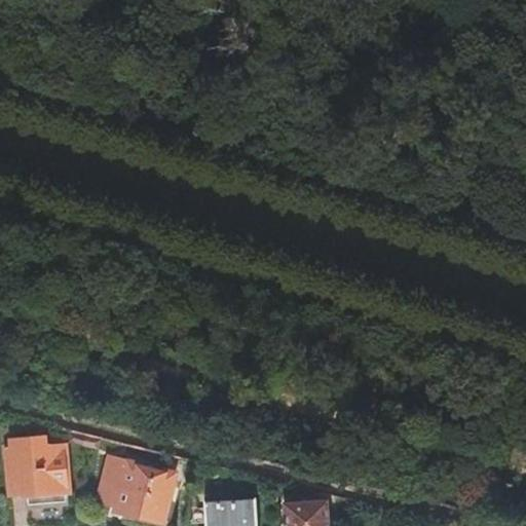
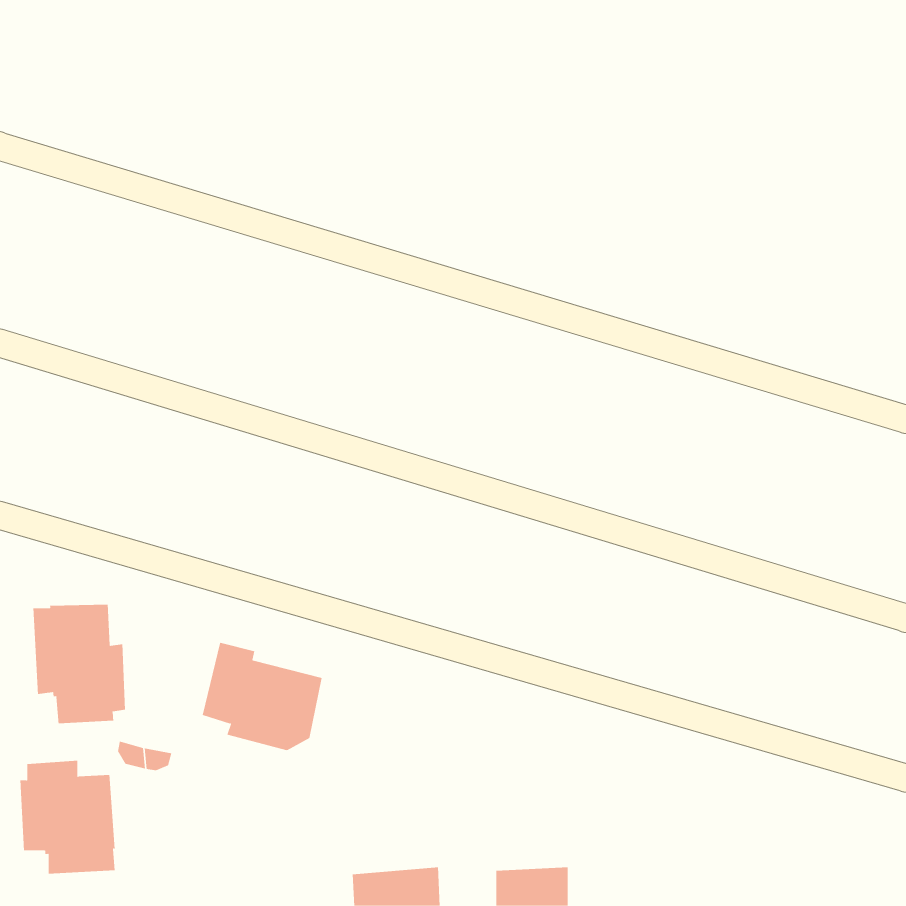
building: none -> [33,604,126,724]
building: [102,454,172,517] -> [202,642,323,751]

